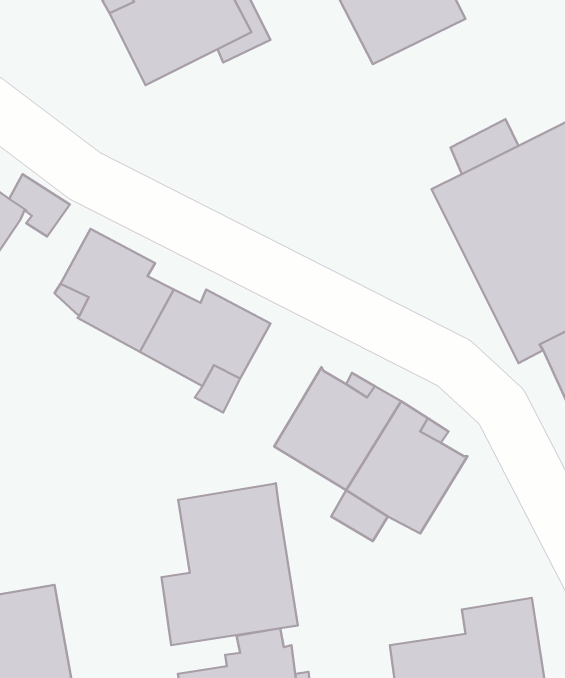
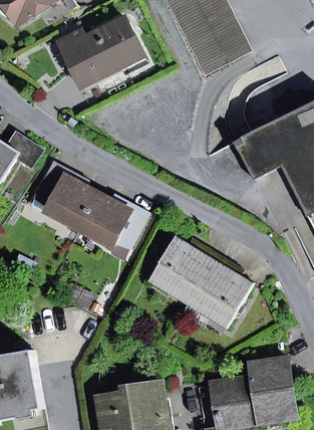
building: [161,483,298,645] -> none

